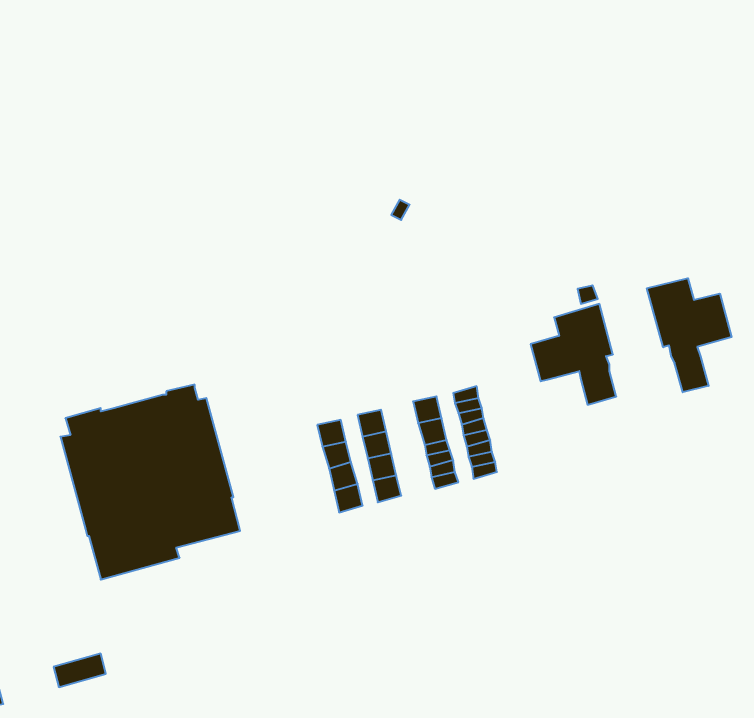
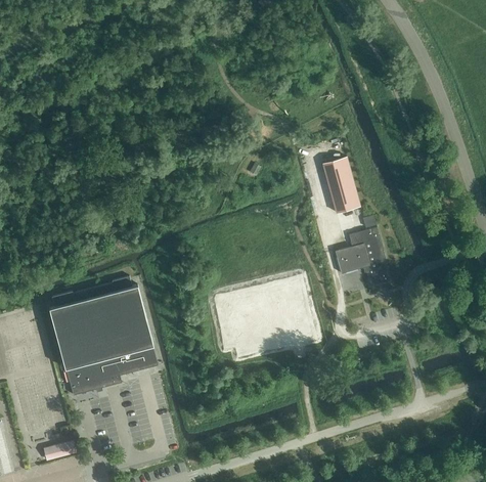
building: none -> [321,157,359,213]
building: [647,278,732,392] -> none

